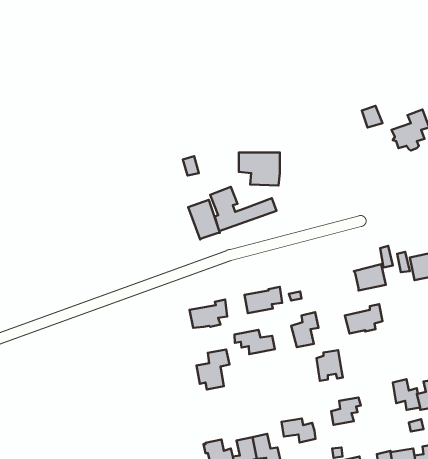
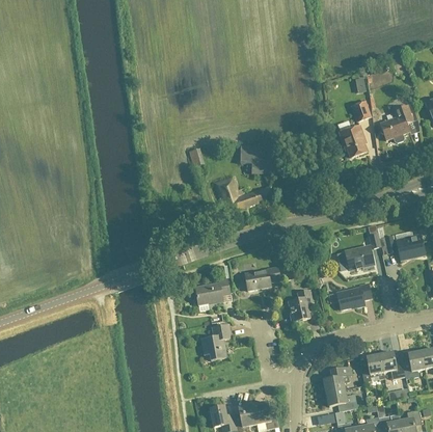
building: none -> [340,125,367,157]
building: [188,200,220,240] -> none
building: [234,330,275,354] -> none
building: [317,350,343,381] -> [360,353,384,381]
building: [281,418,316,442] -> [326,388,357,410]

